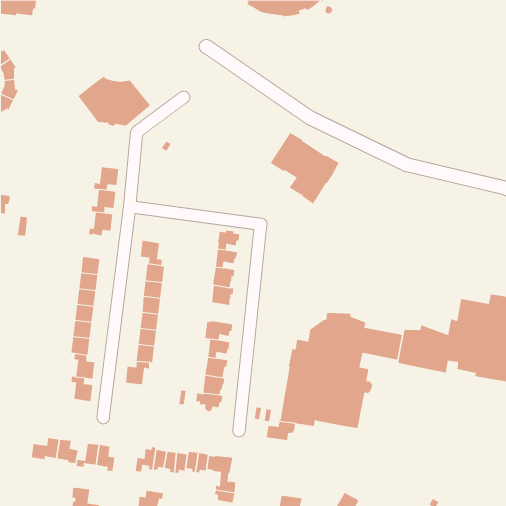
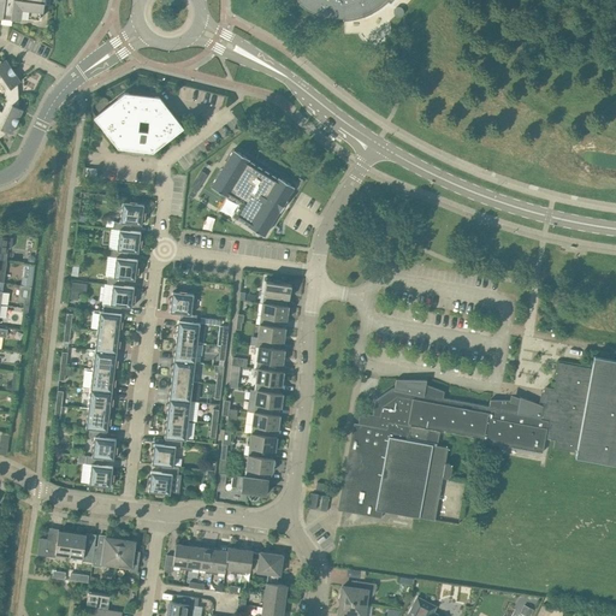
building: [270,132,339,204] -> [208,153,292,241]
building: none -> [105,285,135,315]
building: none -> [256,368,285,393]
building: none -> [149,467,180,496]
building: [266,422,296,440] -> [342,582,378,605]

